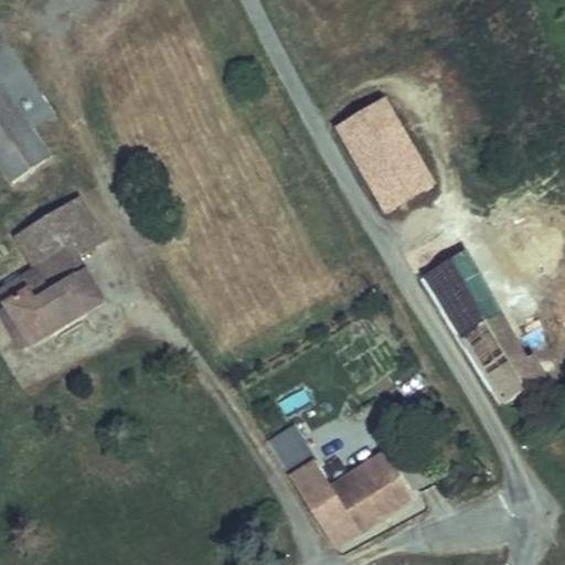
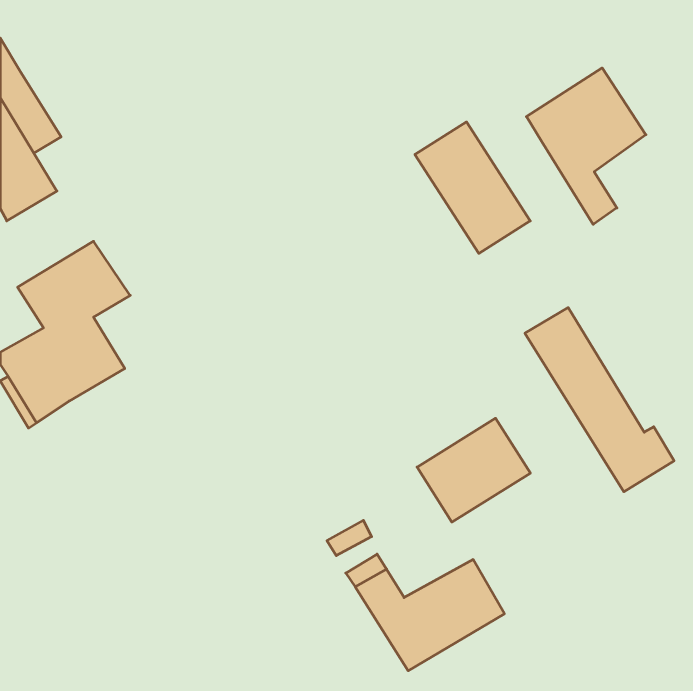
building: none -> [526,68,646,224]
building: none -> [417,418,530,522]

